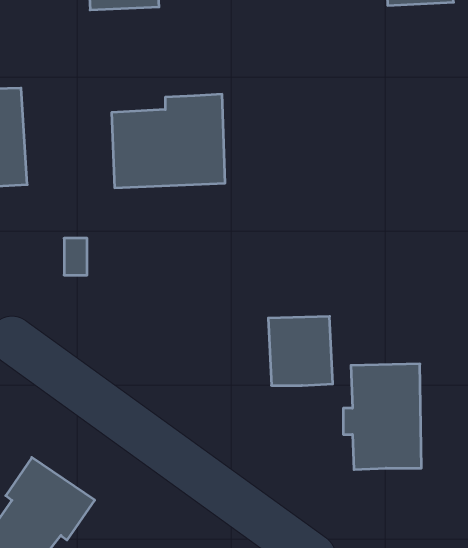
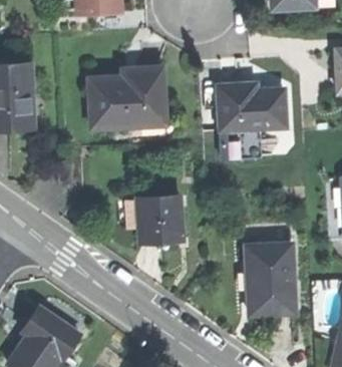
building: none -> [219,85,285,143]
building: [268,316,333,385] -> [140,197,183,242]

